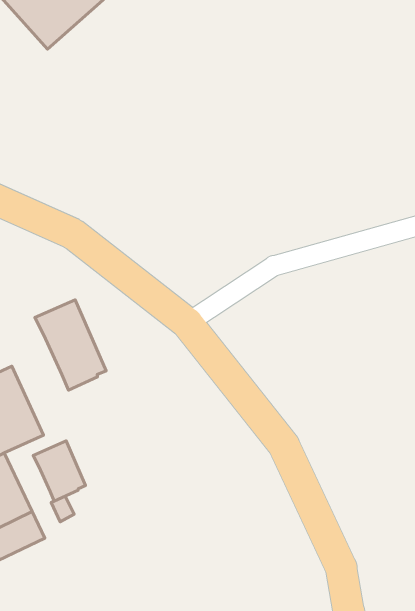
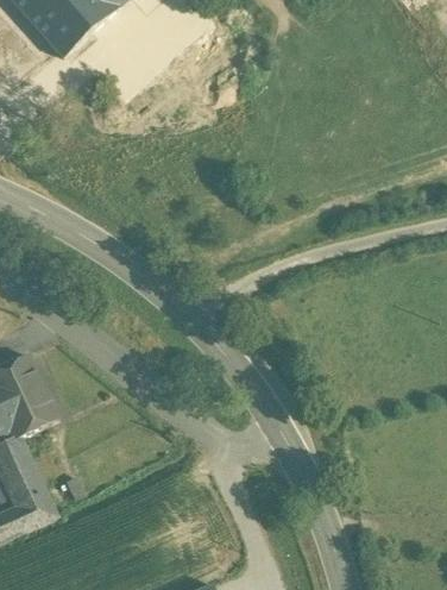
building: [35,300,106,390] -> none
building: [33,441,85,501] -> none

